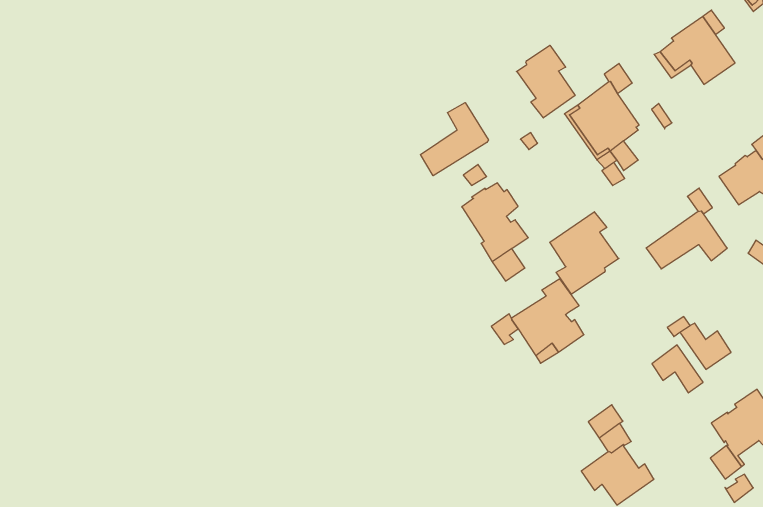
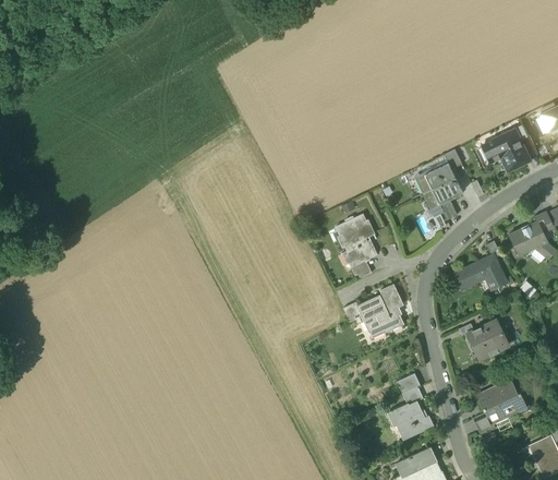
building: [516,45,575,118] -> none
building: [420,103,488,176] -> none
building: [550,212,619,294] -> none
building: [652,345,703,393] -> [476,319,508,351]

